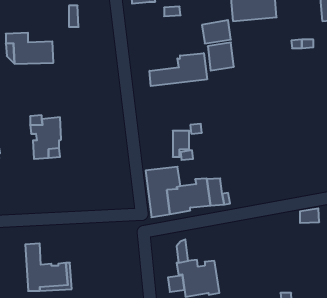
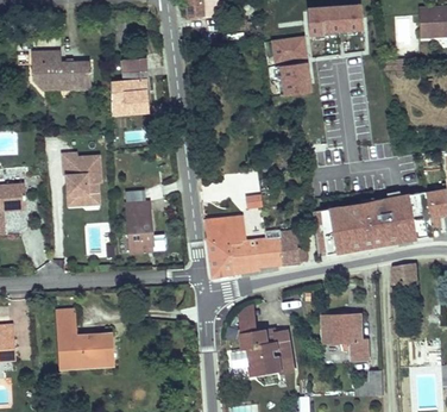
building: none -> [111,57,149,114]
building: [150,53,207,86] -> none
building: none -> [325,194,417,257]
building: none -> [125,201,152,252]
building: none -> [323,314,369,360]

